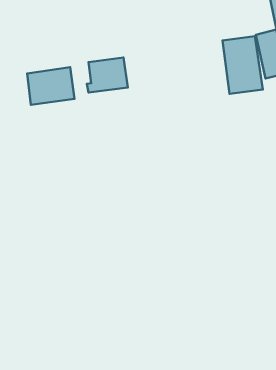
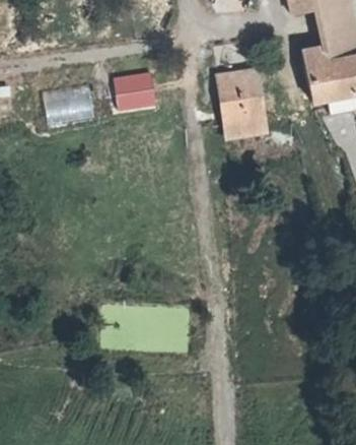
building: [223,36,263,94] -> [221,69,268,136]

